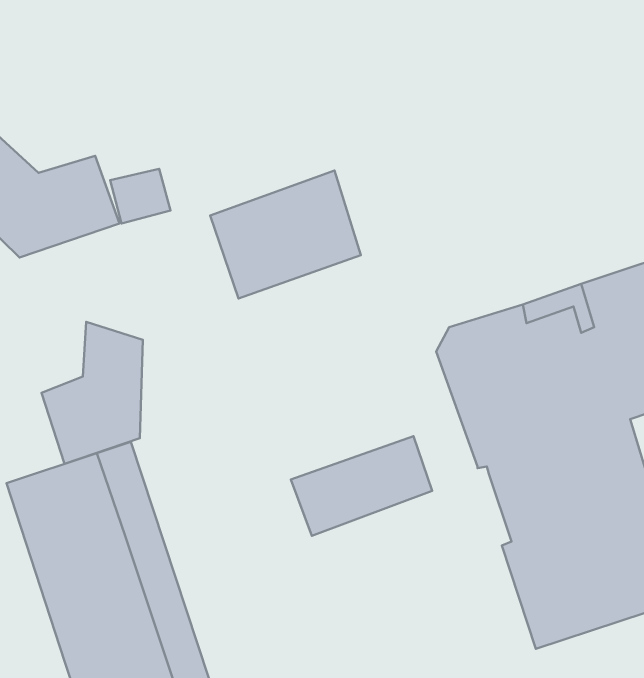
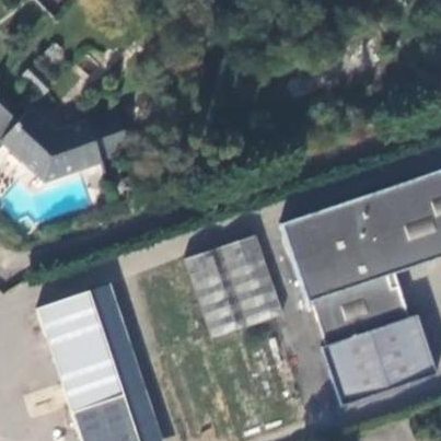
building: [210,170,361,298] -> [185,233,272,307]
building: [41,322,143,464] -> none

